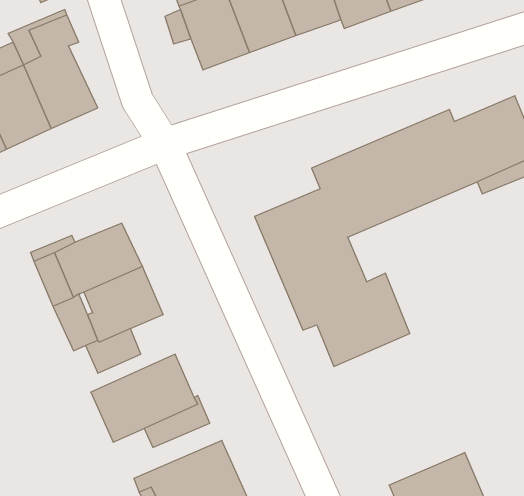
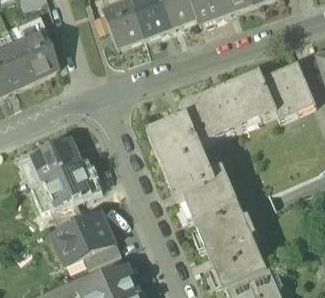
building: none -> [194,202,268,291]

